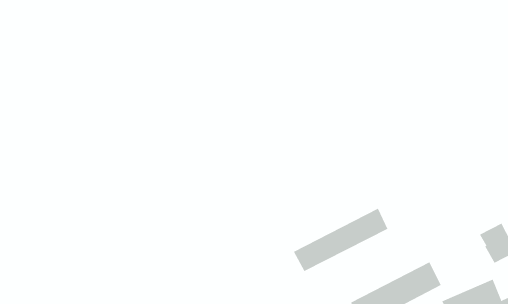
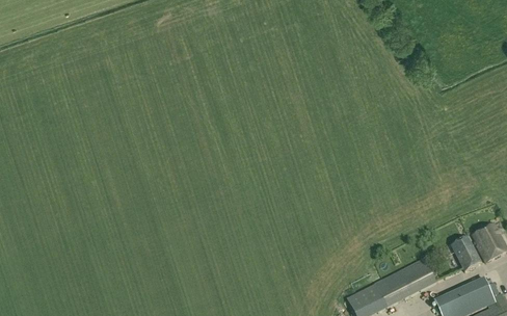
building: [293,208,388,272] -> none
building: none -> [451,236,481,271]

